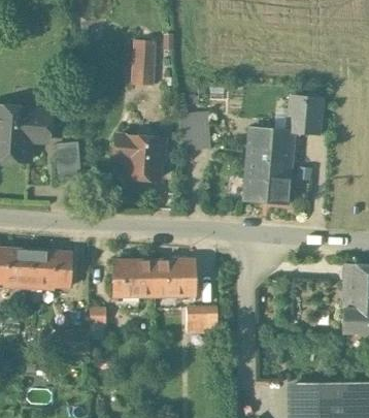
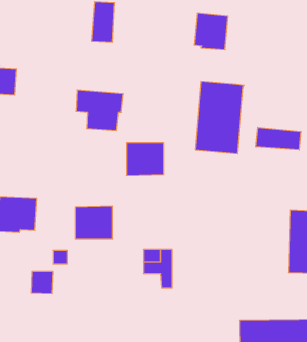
building: [287,95,323,134] -> [194,13,228,50]
building: [179,112,210,150] -> none
building: [55,146,81,182] -> none
building: none -> [256,127,301,150]
building: [154,260,194,295] -> [126,143,164,175]

